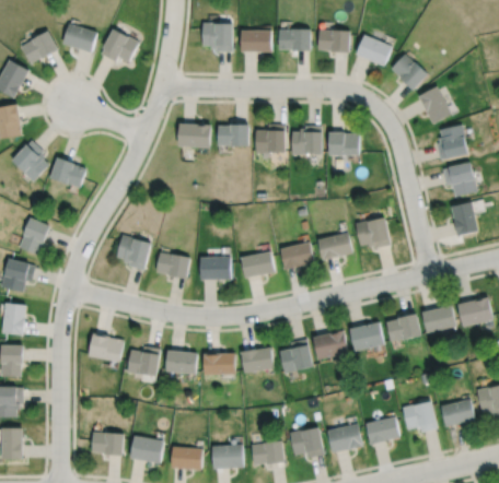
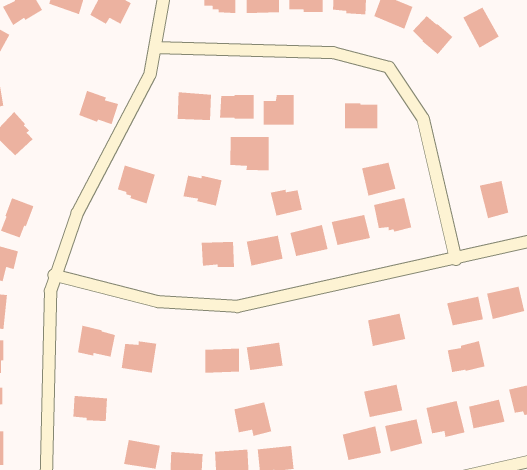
building: [418,86,452,125] -> [462,6,500,49]
building: [436,125,469,162] -> none
building: [292,126,323,155] -> none
building: [49,156,86,188] -> [78,90,119,125]
building: [442,162,478,198] -> none
building: none -> [229,136,270,171]
building: none -> [361,162,397,196]
building: none -> [270,189,303,217]
building: [116,235,151,271] -> [117,164,156,205]
building: [155,254,192,282] -> [183,175,223,206]
building: [386,313,421,342] -> [447,340,486,373]
building: [313,330,349,361] -> [363,384,403,418]
building: [278,339,313,373] -> none
building: [165,350,197,375] -> none
building: [290,426,325,458] -> [233,402,272,437]
building: [92,432,124,456] -> [73,395,108,422]

